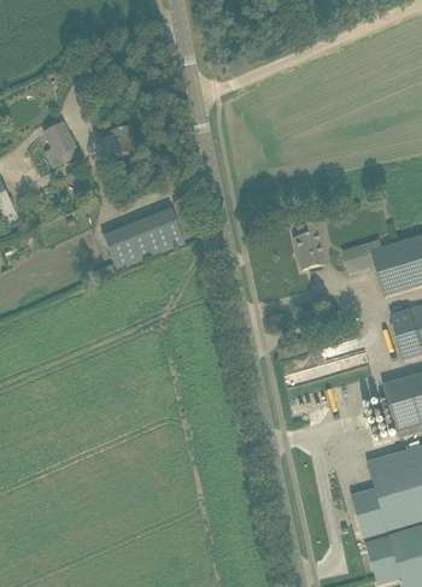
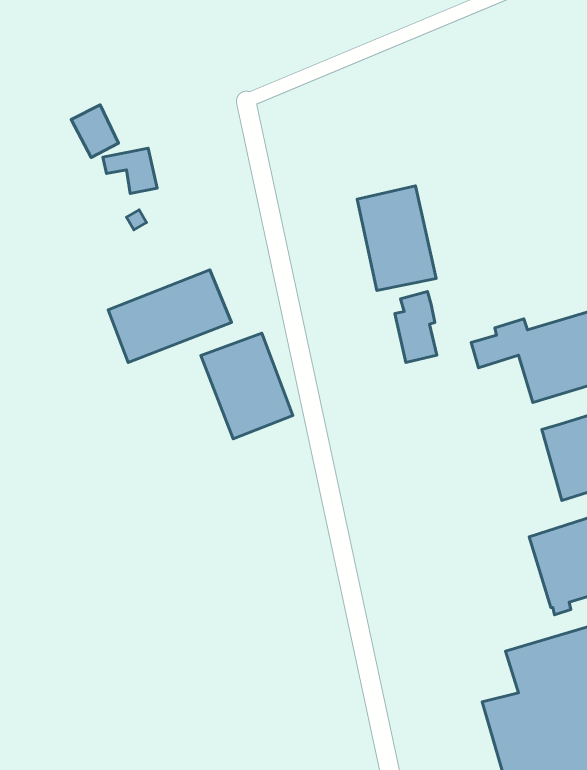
building: [43,121,75,155] -> [71,105,118,158]
building: none -> [357,186,436,291]
building: none -> [201,333,293,439]

